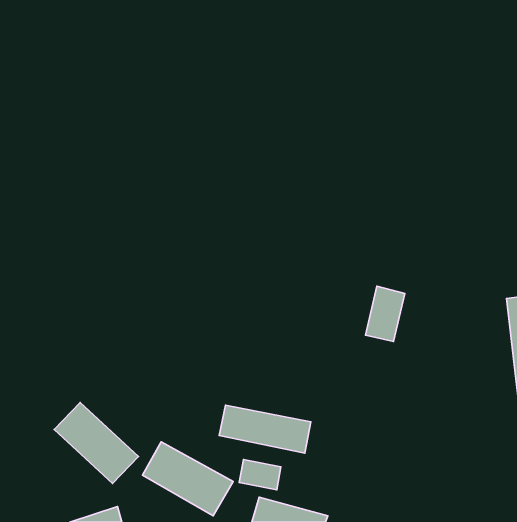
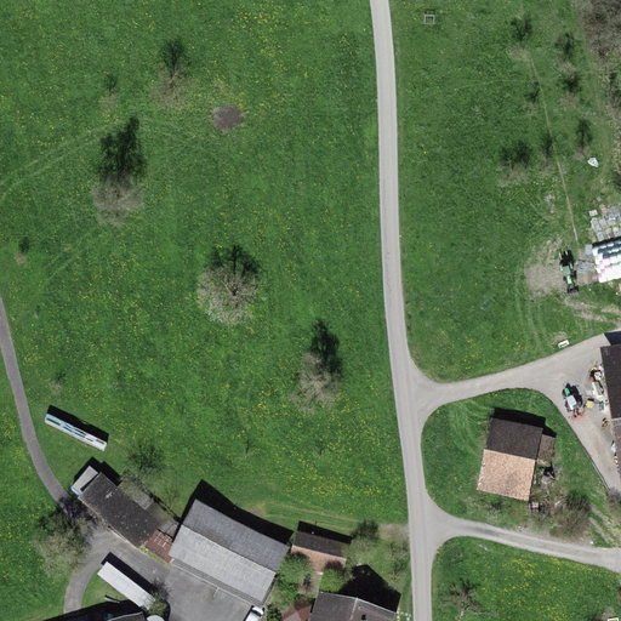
building: [365,286,405,341] -> [482,432,528,496]
building: [219,405,311,453] -> none

